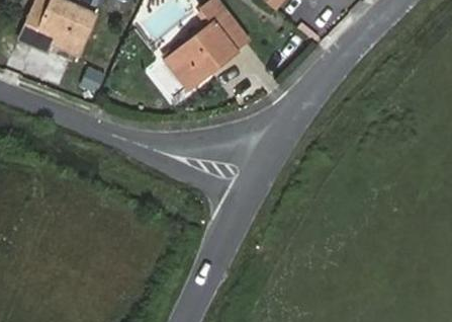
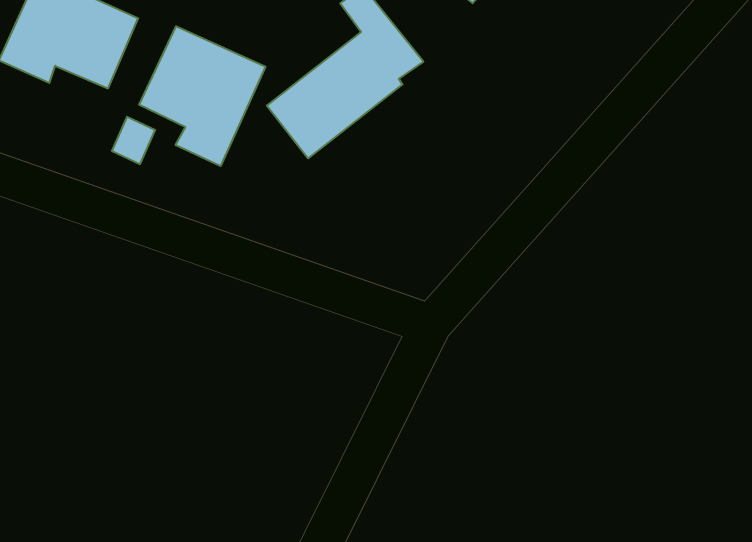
building: none -> [139,26,265,166]

